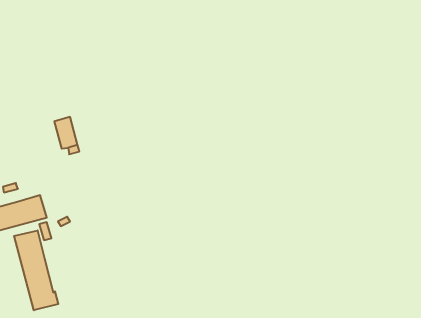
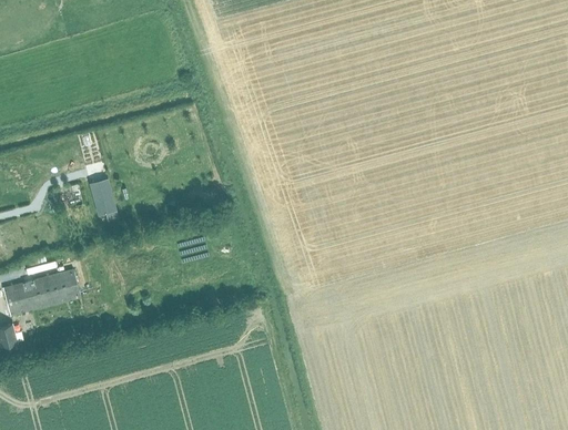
building: [14,230,58,310] -> none

